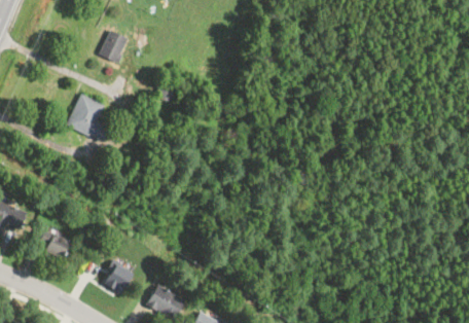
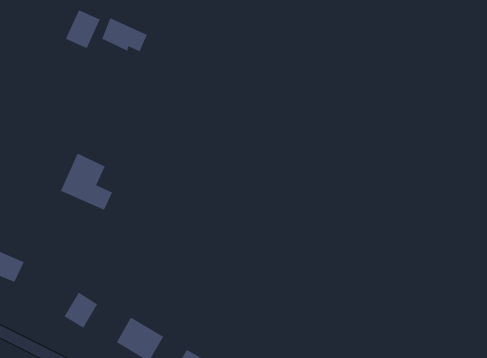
building: none -> [101,17,148,52]
building: [68,94,112,142] -> [60,152,113,211]

